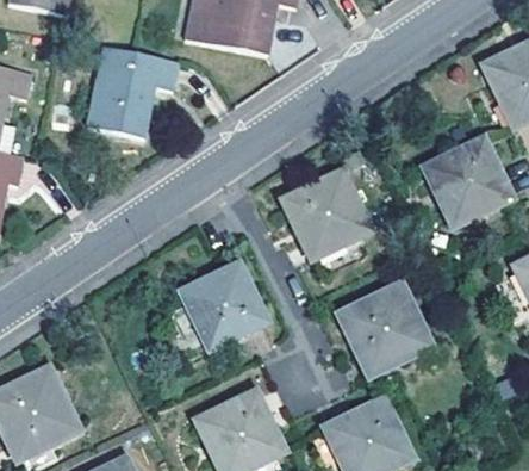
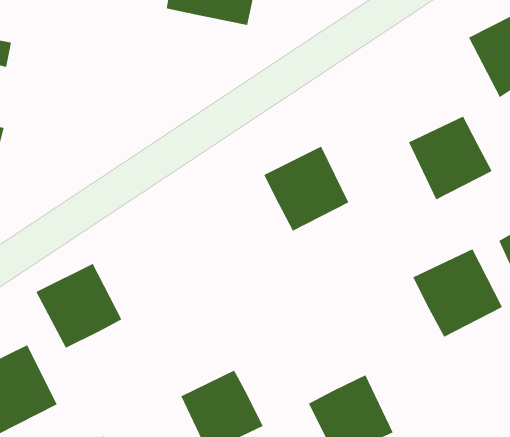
building: [87,45,178,135] -> none
building: [180,265,266,349] -> [35,263,122,349]
building: [340,286,429,374] -> [412,248,503,337]

